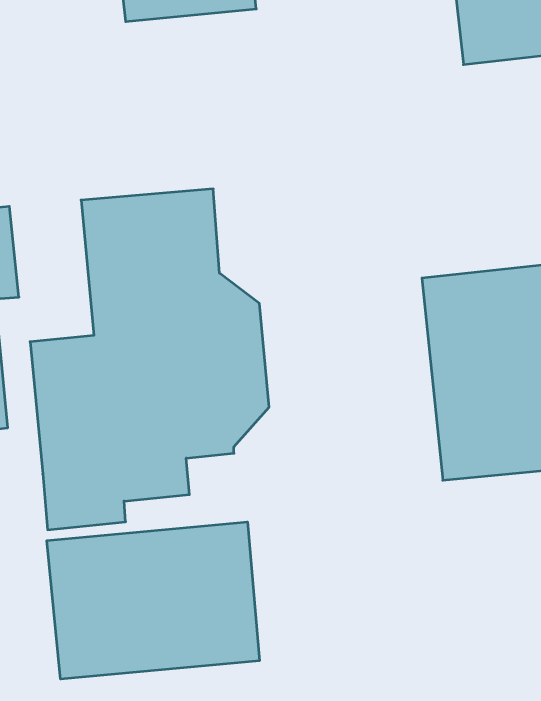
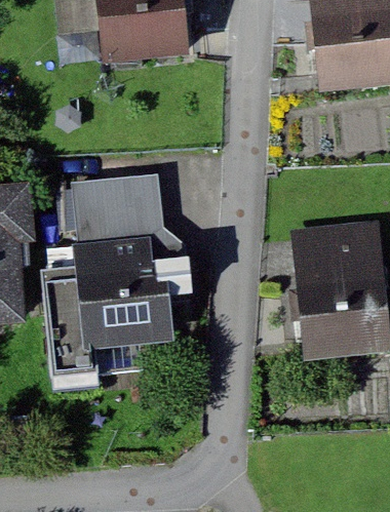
building: [47,522,259,679] -> none

